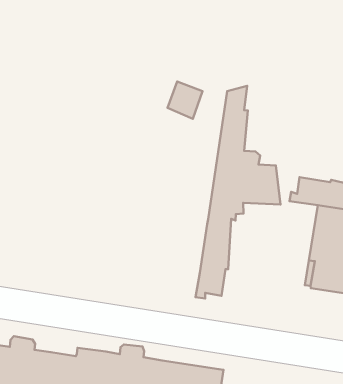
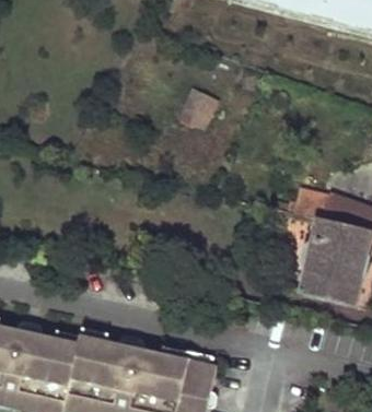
building: [196,86,281,298] -> none

